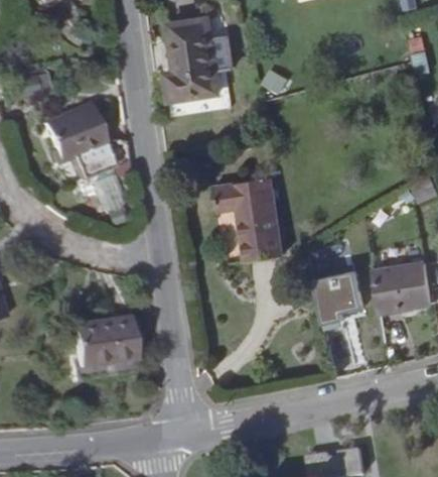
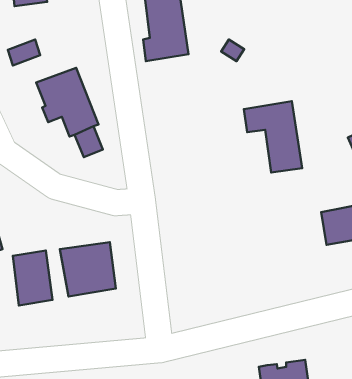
building: [218,178,287,262] -> [244,101,302,173]
building: [318,268,370,324] -> none
building: none -> [13,250,53,305]

